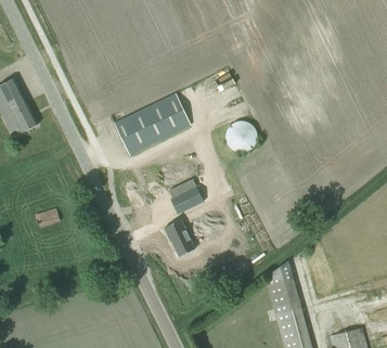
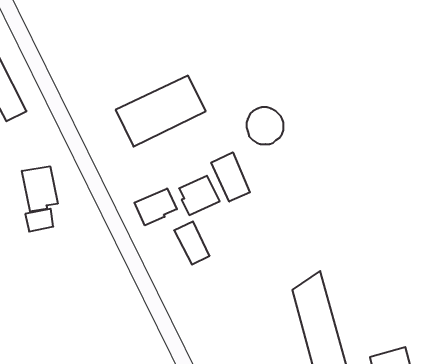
building: none -> [211,152,250,202]
building: none -> [22,166,58,212]
building: none -> [134,188,177,225]

